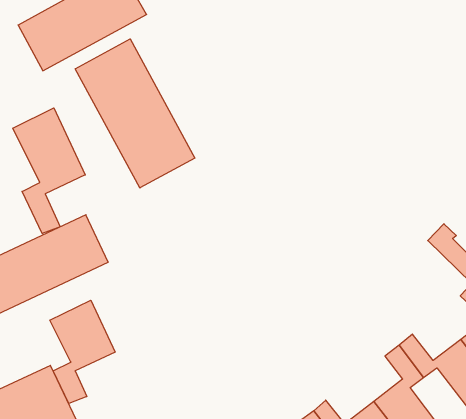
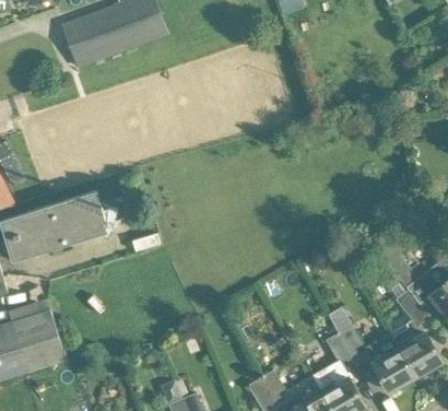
building: [75,39,195,188] -> none
building: [13,108,85,234] -> none
building: [50,300,115,404] -> none

